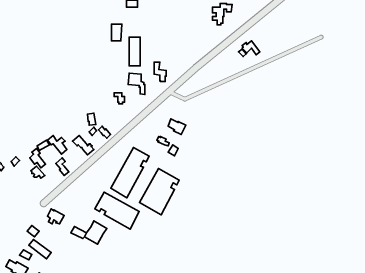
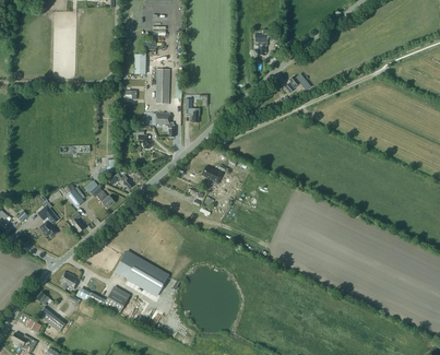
building: [111,147,149,198] -> none
building: [139,168,179,215] -> none

